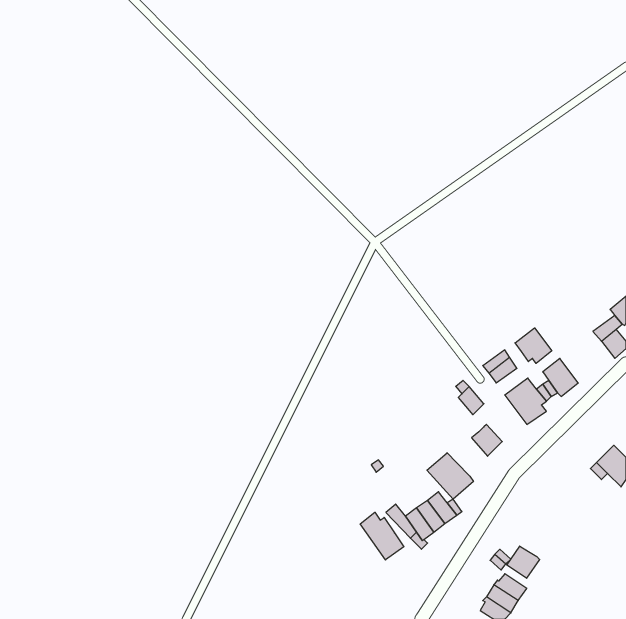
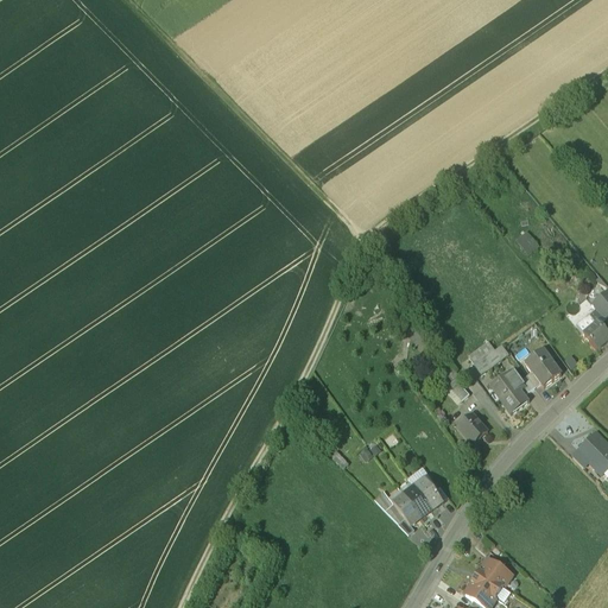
building: [515,328,552,363] -> none
building: [427,453,473,499] -> none
building: [360,512,404,560] -> none
building: [507,546,540,578] -> none

